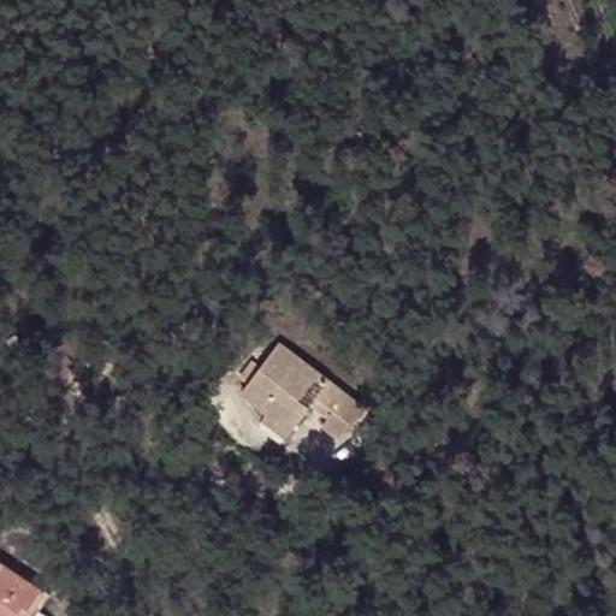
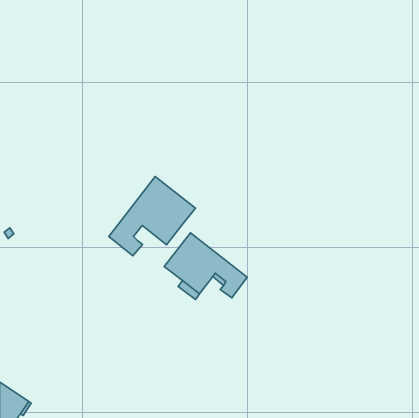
building: none -> [109,177,196,256]

